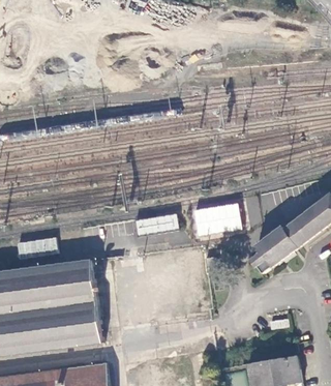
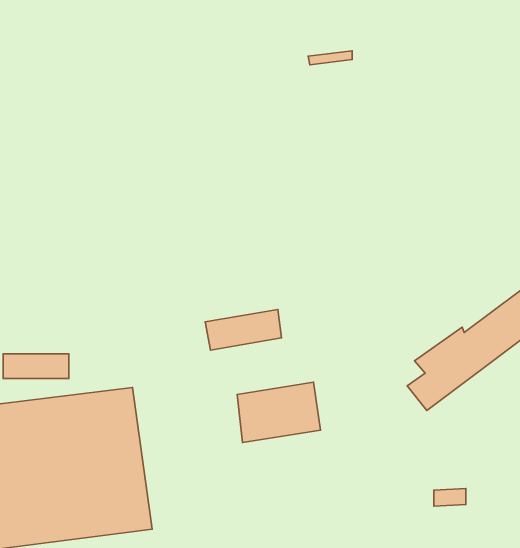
building: [190,202,239,237] -> [237,382,321,442]

